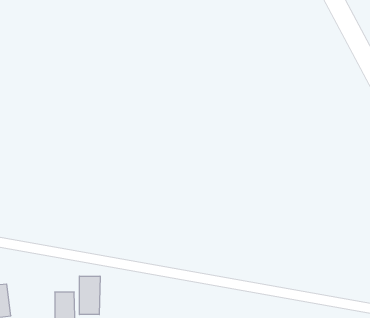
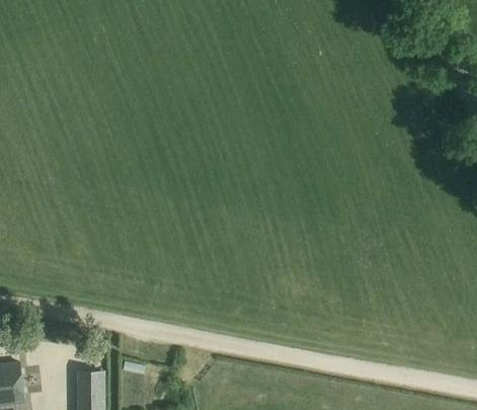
building: [79,276,100,315] -> none

